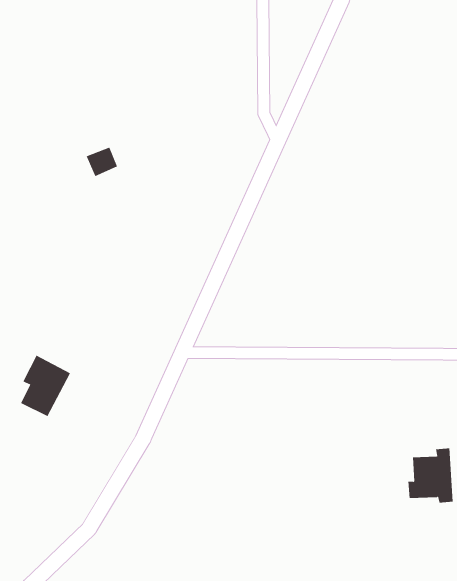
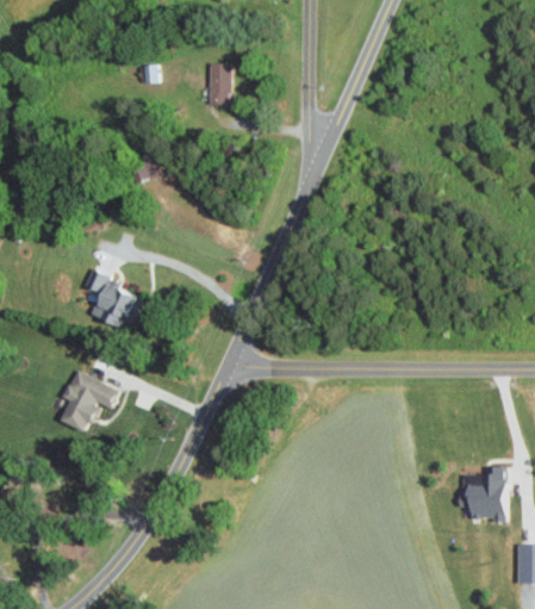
building: none -> [209,63,231,105]
building: none -> [88,269,135,329]

